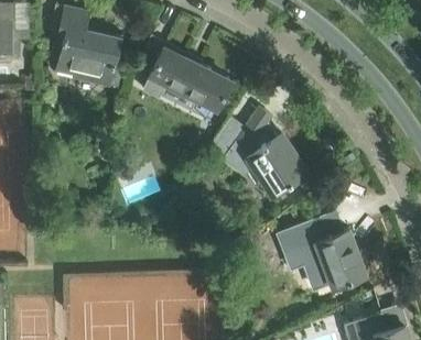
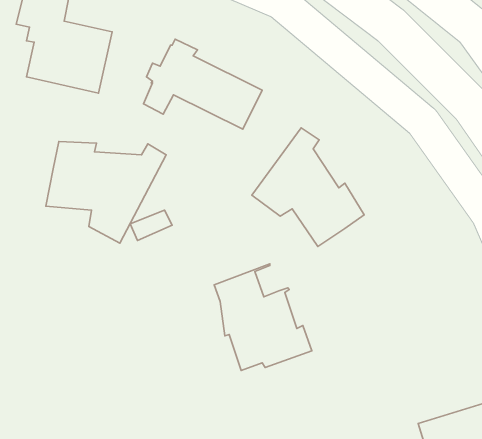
building: none -> [46,142,166,243]
building: [293,211,365,289] -> [214,264,312,371]

